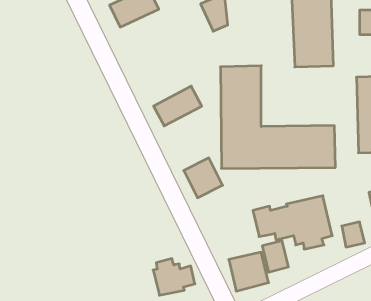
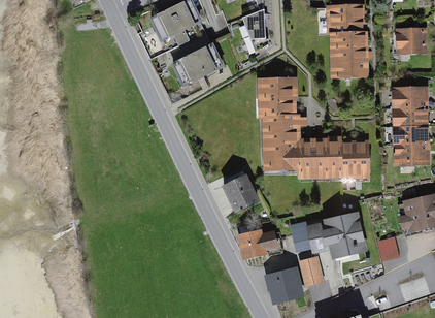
building: [154,86,202,126] -> [175,42,223,82]
building: [153,259,195,295] -> [237,221,278,257]

